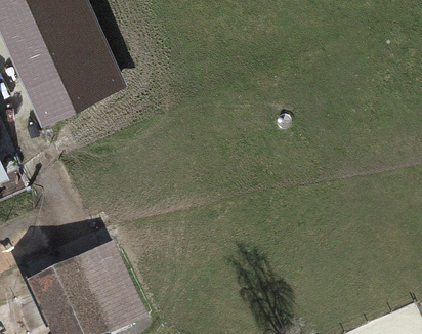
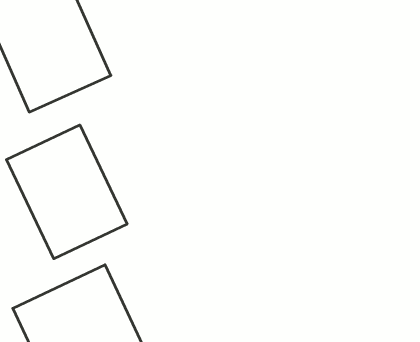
building: none -> [6,125,127,259]

